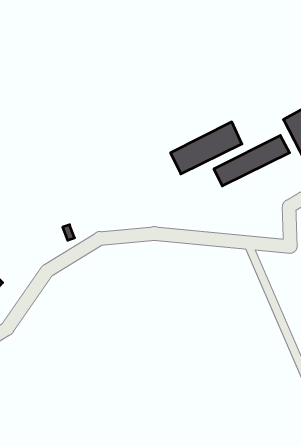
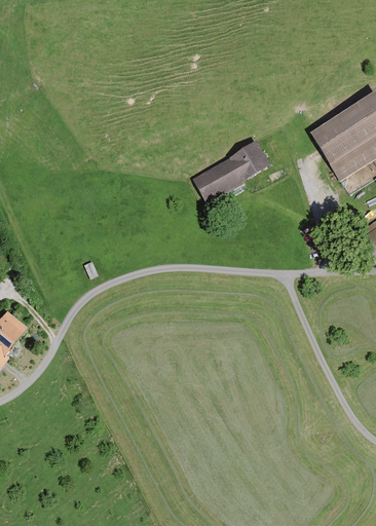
building: [214,135,290,186] -> none

